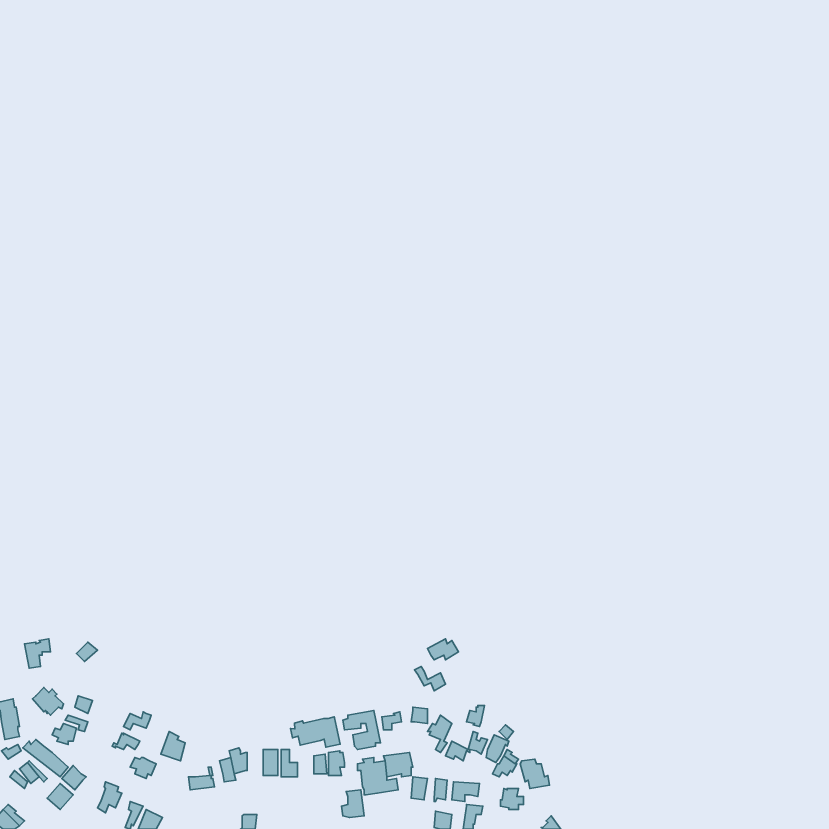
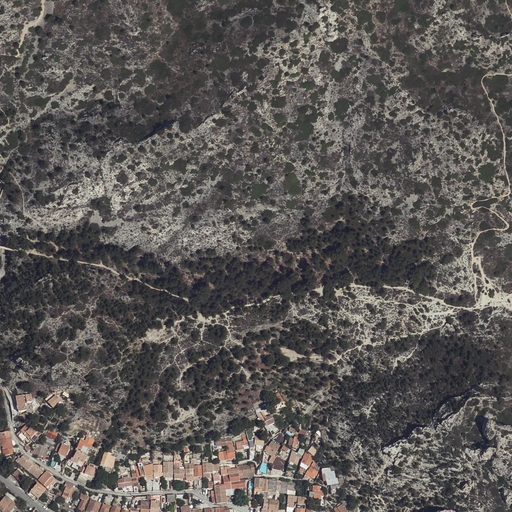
building: [290,717,340,747] -> none

